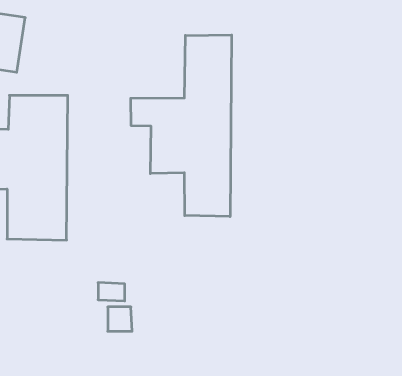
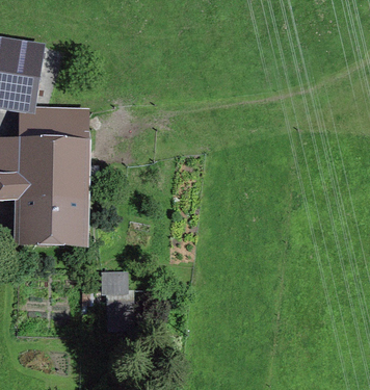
building: [131,35,232,217] -> none

